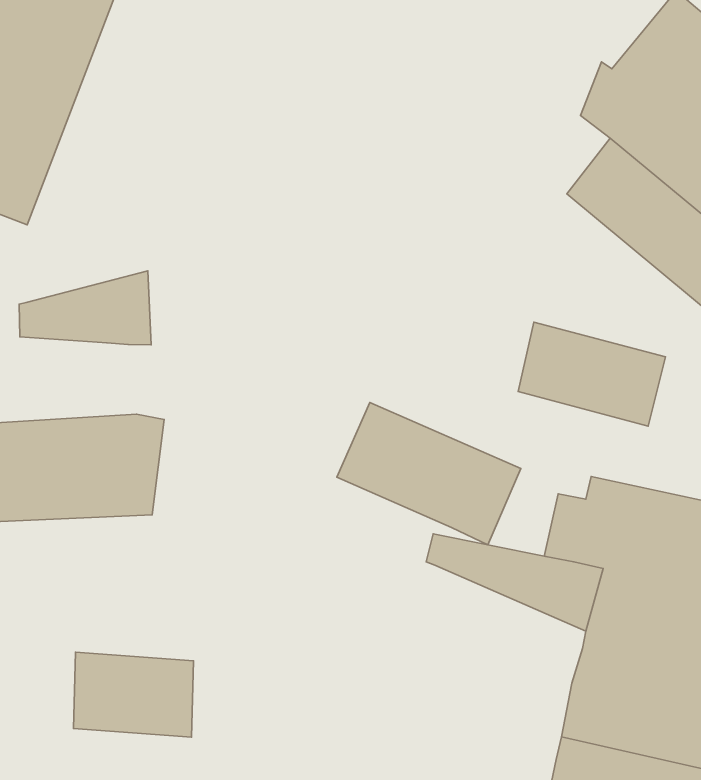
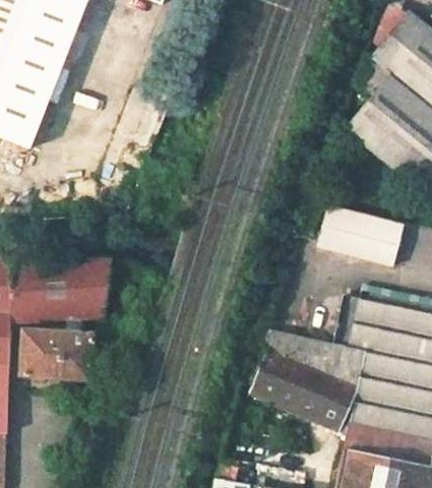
building: [19,271,151,345] -> none
building: [337,403,521,545] -> [249,348,357,431]
building: [74,652,193,737] -> [20,329,90,379]

